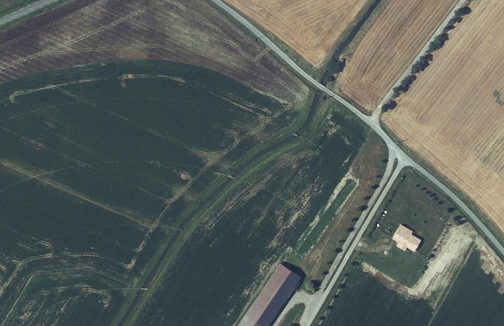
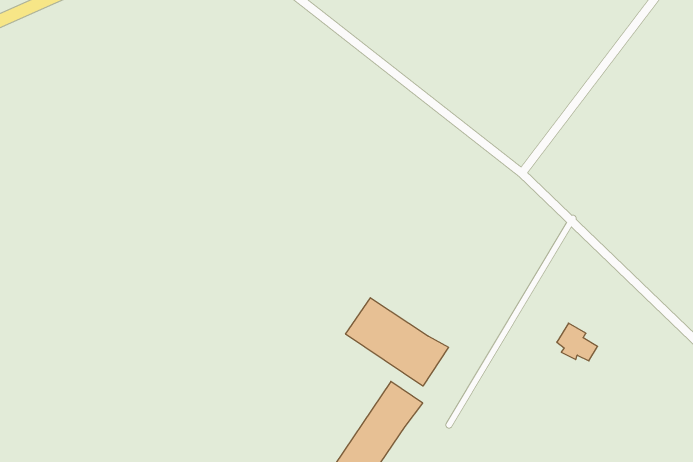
building: none -> [346,298,449,386]

